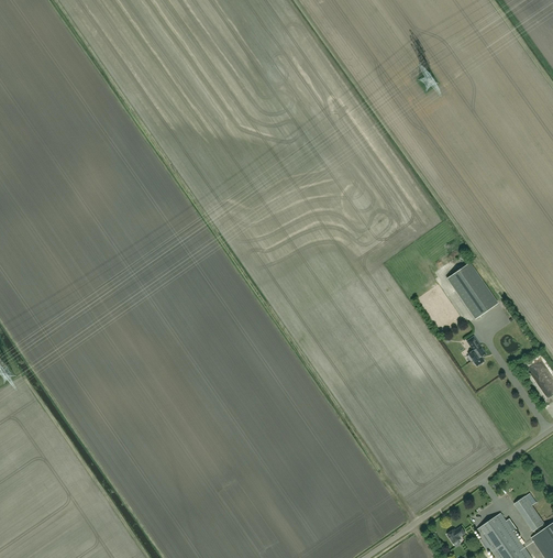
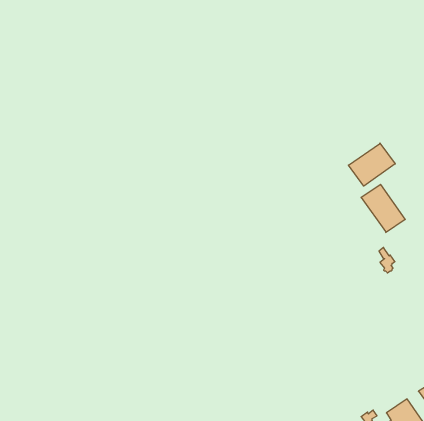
building: none -> [348,143,395,186]

